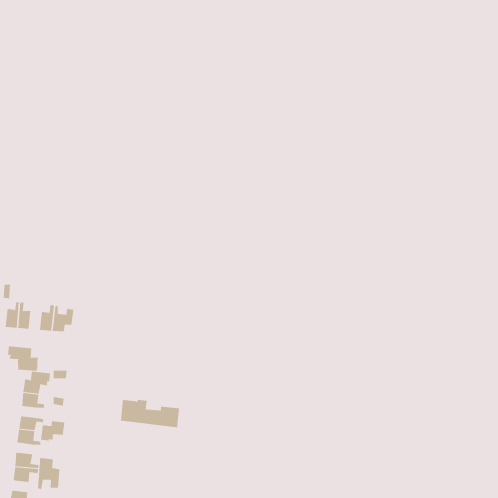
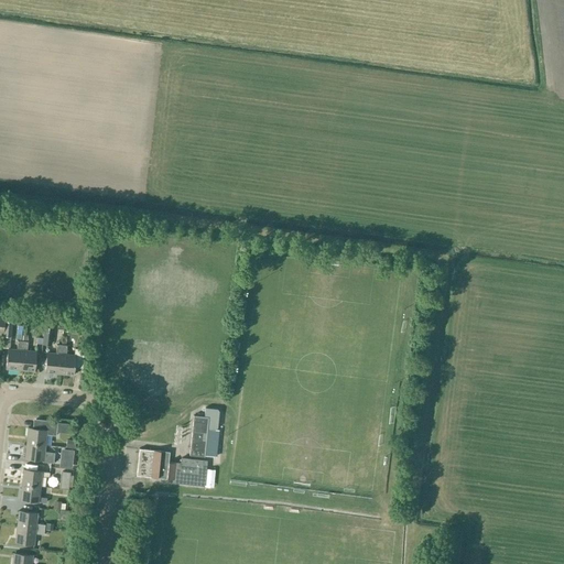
building: [8,346,38,372] -> none
building: none -> [191,409,219,457]
building: [40,421,65,441] -> none
building: [37,457,60,490] -> none

